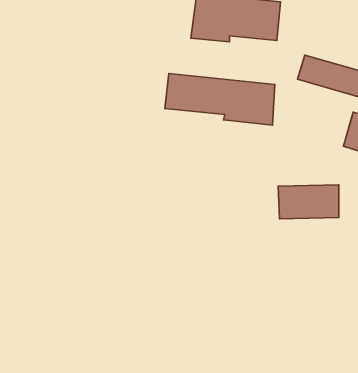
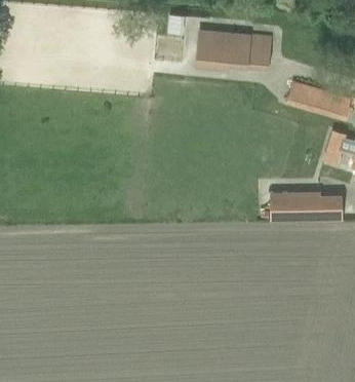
building: [165,74,275,125] -> none

